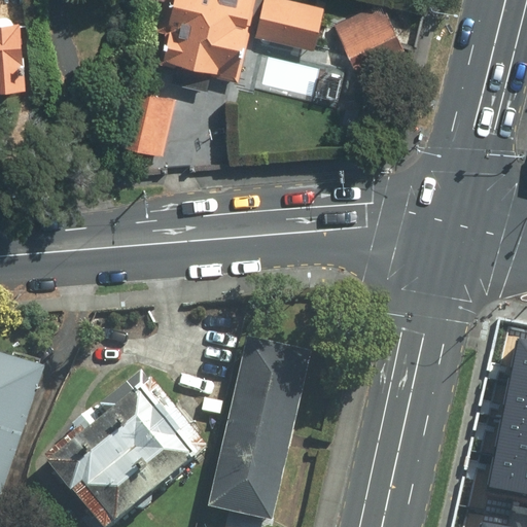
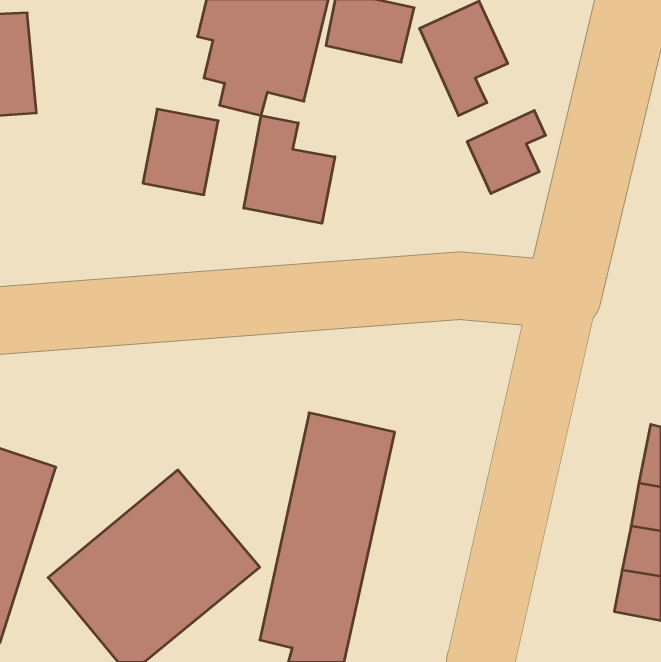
building: none -> [467,110,546,194]
building: none -> [244,116,335,223]

